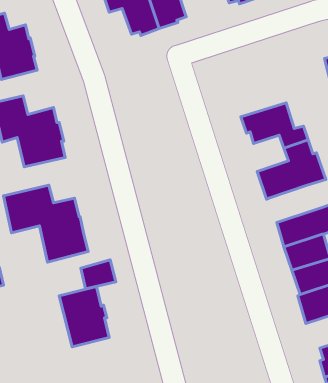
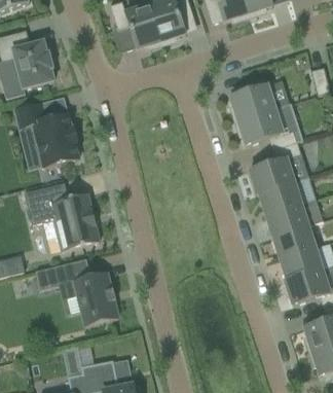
building: none -> [230,81,274,121]
building: none -> [259,182,300,215]
building: [81,260,116,289] -> [36,263,67,289]

